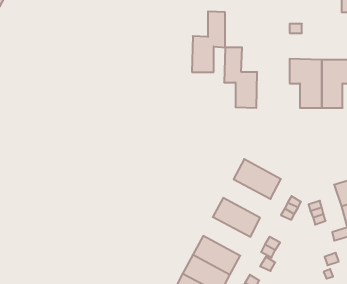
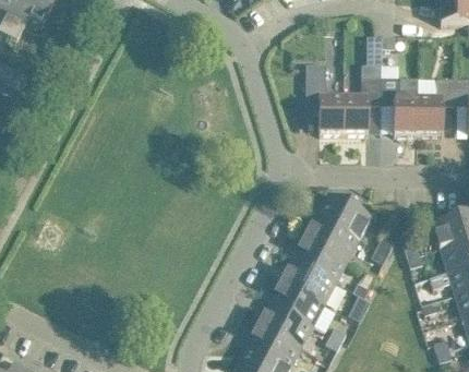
building: [192,11,225,72] -> [341,64,380,134]
building: none -> [303,216,358,261]
building: none -> [280,260,335,304]

